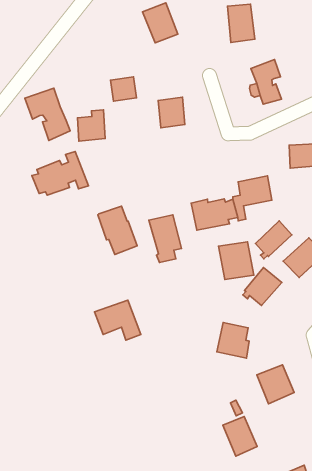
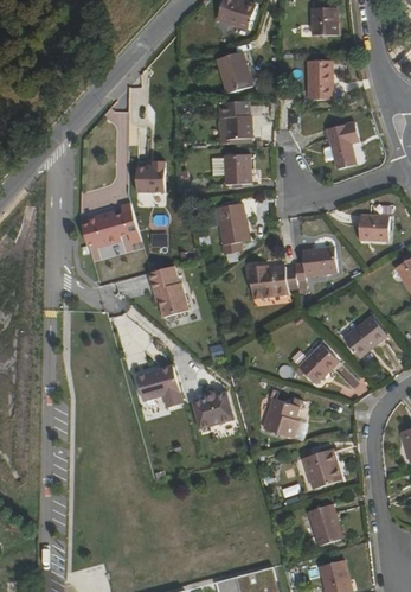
building: [111,77,137,101] -> [225,115,251,139]
building: [25,88,70,141] -> none
building: [149,215,181,263] -> [216,203,248,253]
building: [255,221,292,259] -> none
building: [219,242,254,279] -> none
building: none -> [191,390,232,427]
building: [223,416,257,456] -> [307,503,341,545]

